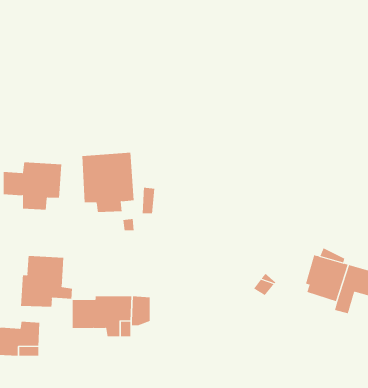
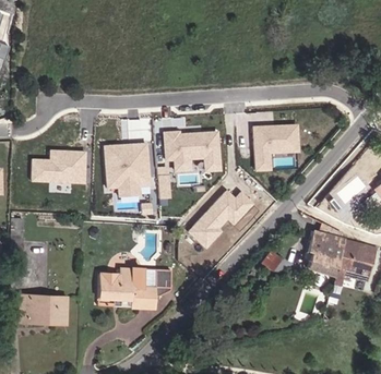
building: none -> [252,123,299,170]
building: none -> [163,130,221,171]
building: none -> [189,190,252,246]
building: [20,255,72,308] -> none

